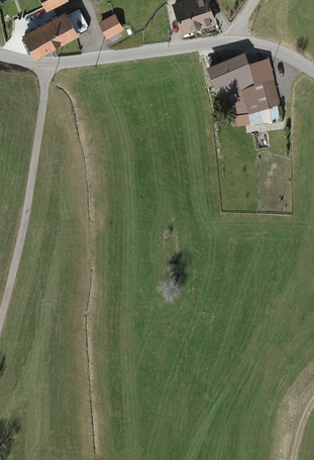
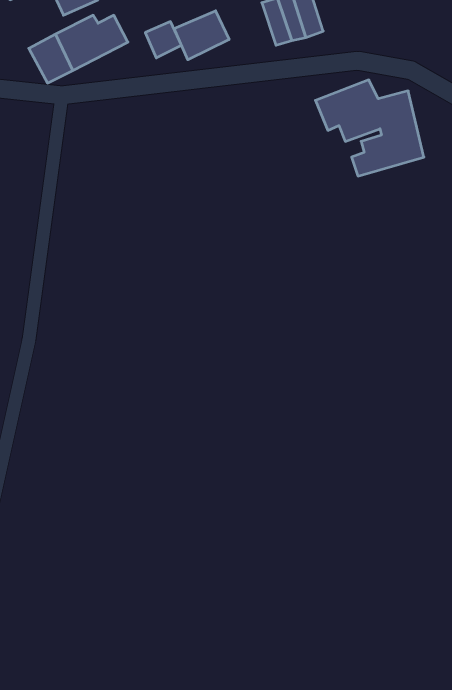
building: none -> [174,11,229,60]

